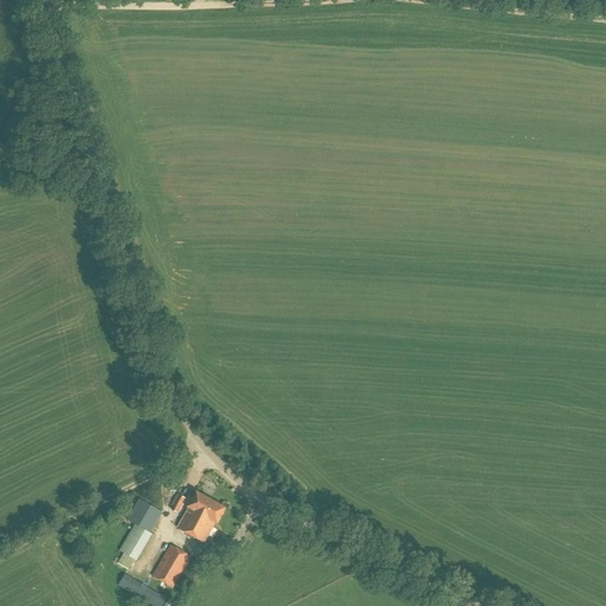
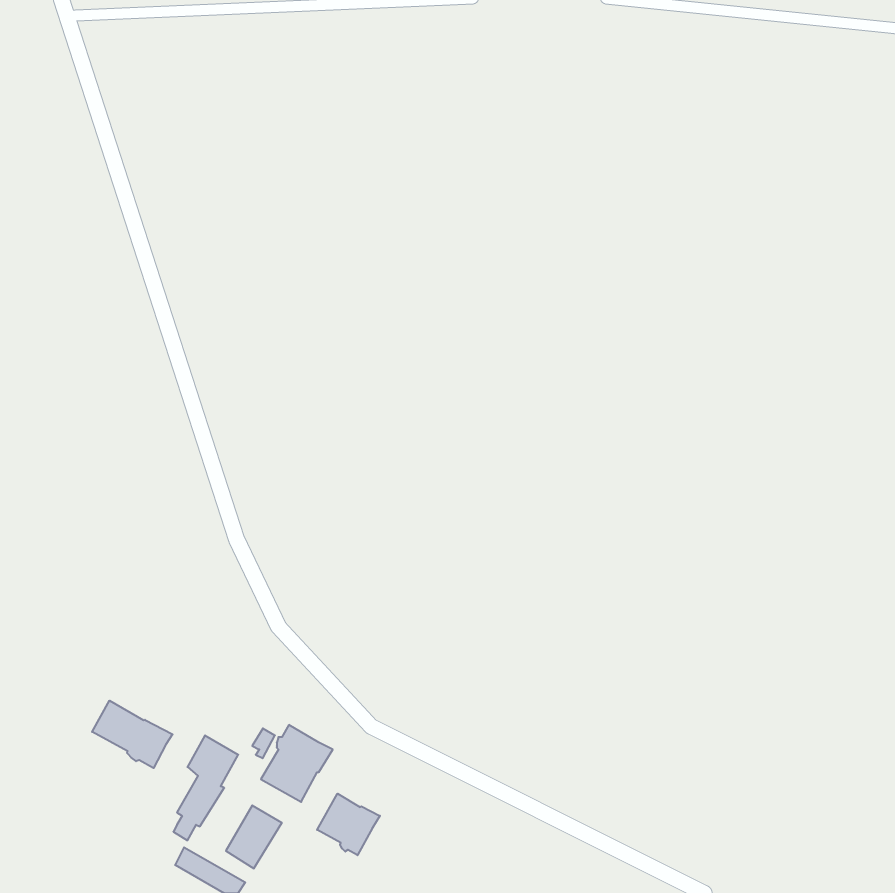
building: none -> [92,701,173,768]
building: none -> [317,794,380,855]

